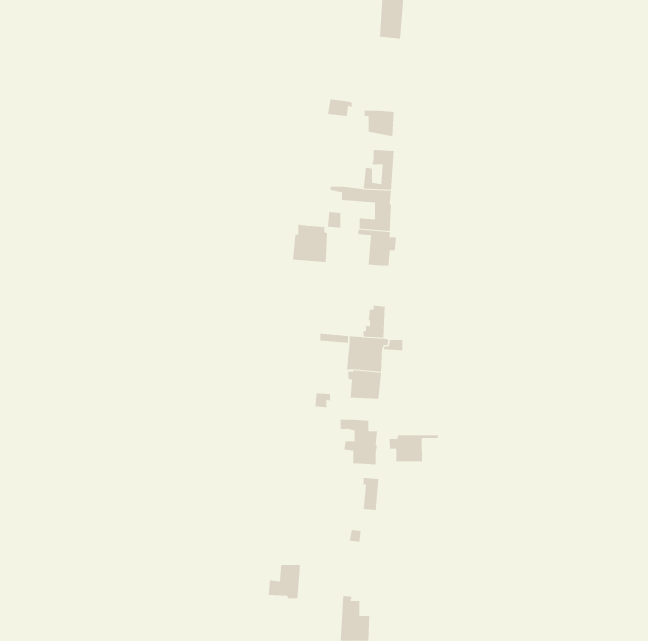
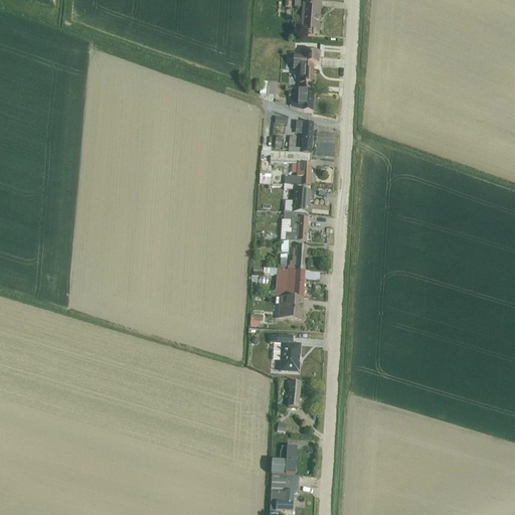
building: none -> [293,48,320,82]
building: [292,224,328,262] -> [280,209,308,239]
building: [389,434,439,462] -> none
building: [268,565,301,599] -> [271,446,297,473]

